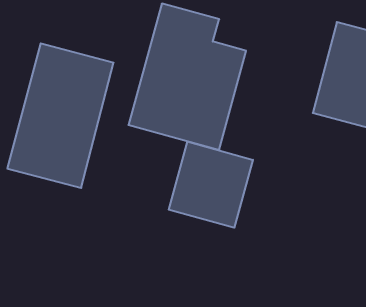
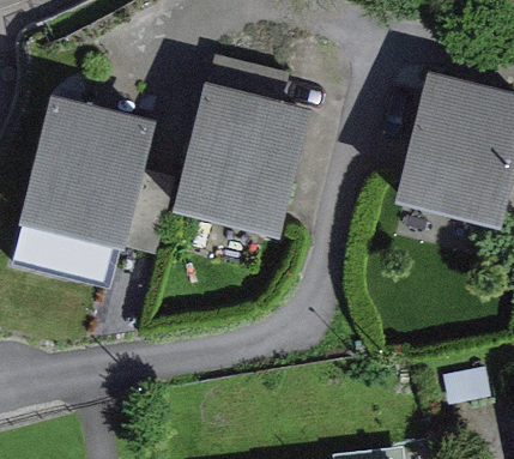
building: [169,142,253,228] -> none

